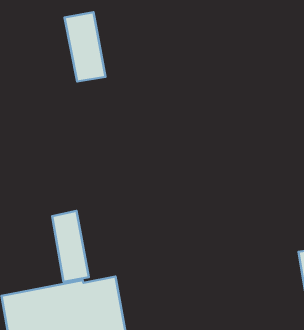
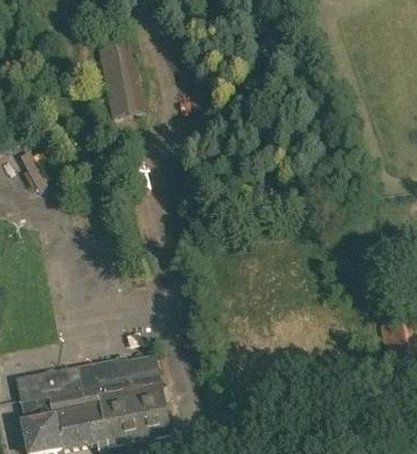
building: [52,211,89,282] -> none

